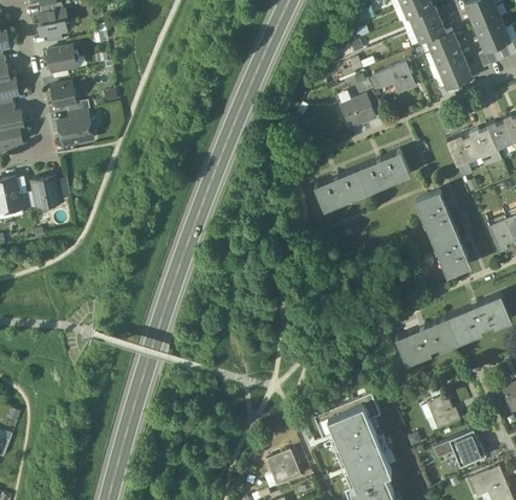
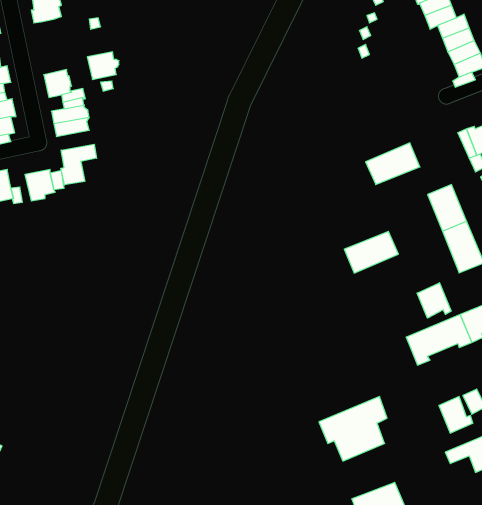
building: [47,46,77,72] -> [87,52,119,80]
building: [374,64,415,94] -> none
building: [340,95,375,128] -> none
building: none -> [61,144,97,185]
building: [315,170,367,210] -> [344,231,398,273]
building: none -> [417,283,451,318]
building: [335,436,389,489] -> none
building: [265,449,299,486] -> none

